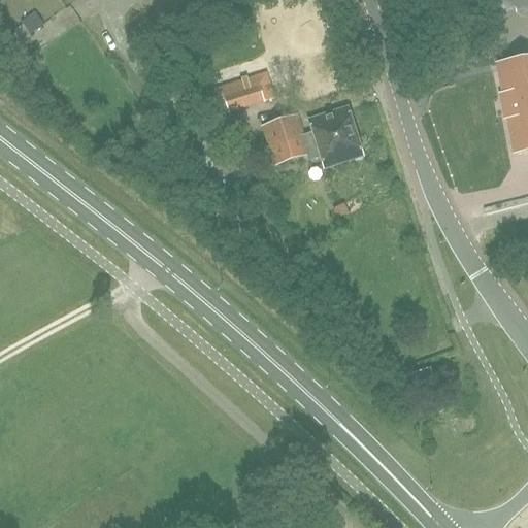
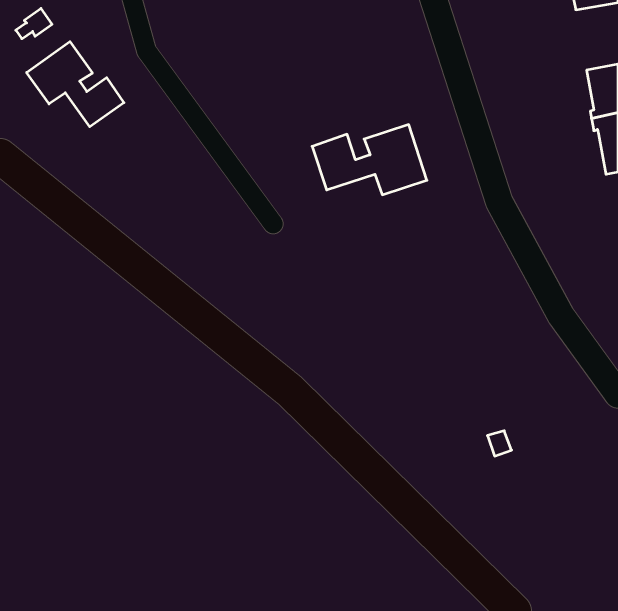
building: none -> [27,42,124,127]
building: [209,70,275,113] -> none

